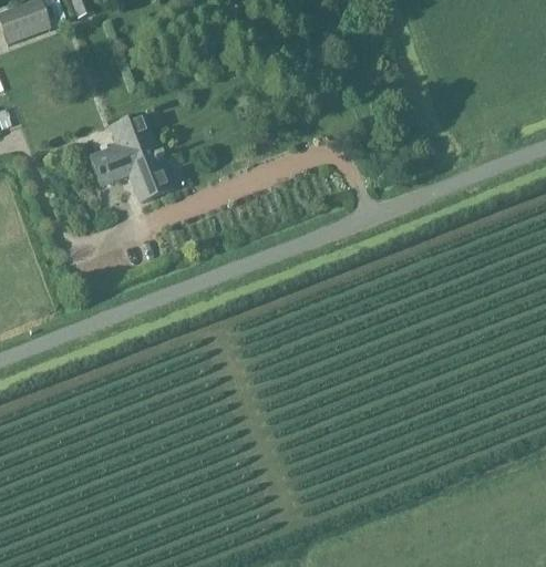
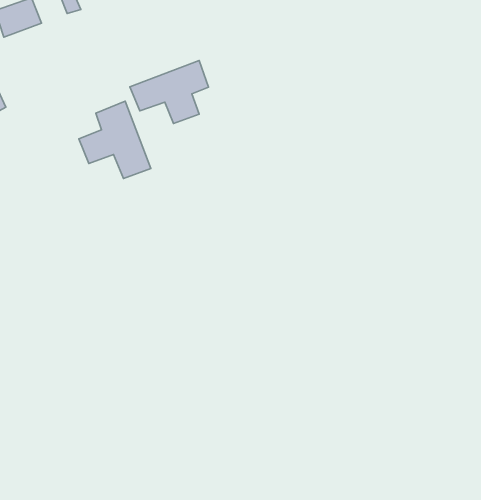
building: none -> [130,61,209,124]

